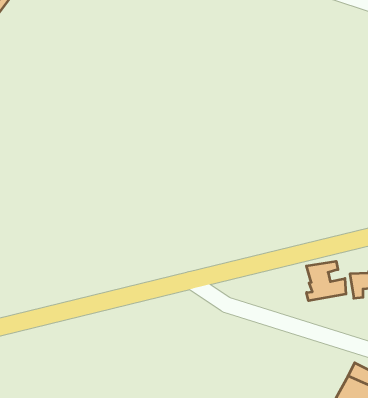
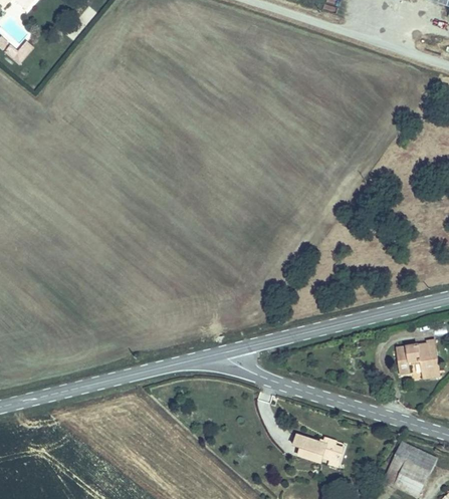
building: [306,261,346,301] -> none
building: none -> [292,435,342,461]

